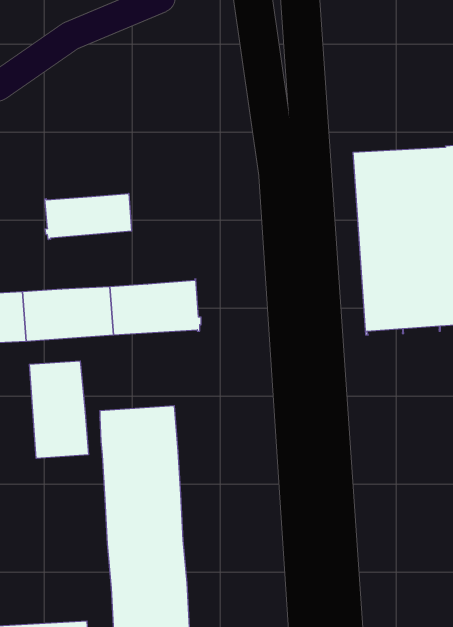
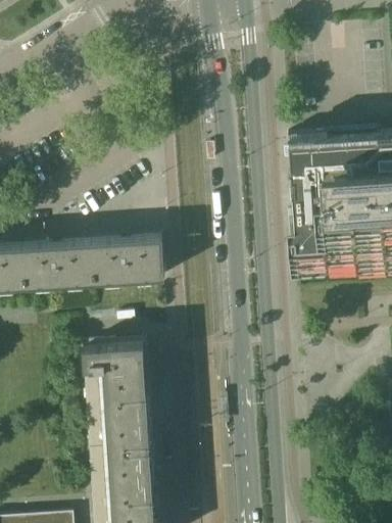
building: [45,193,132,240] -> none
building: [29,361,88,458] -> none

